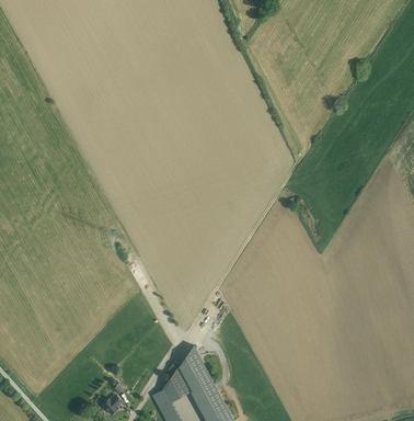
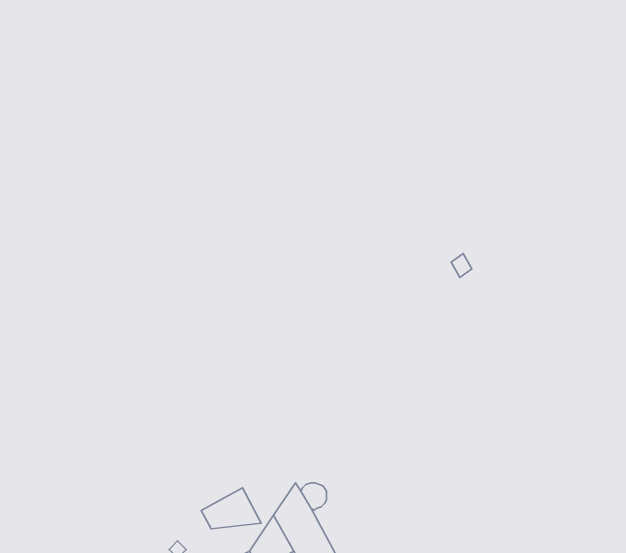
building: none -> [201,488,261,529]

